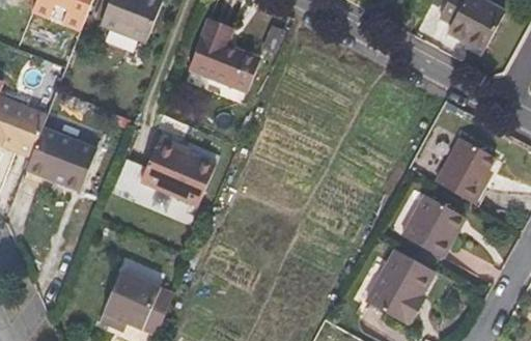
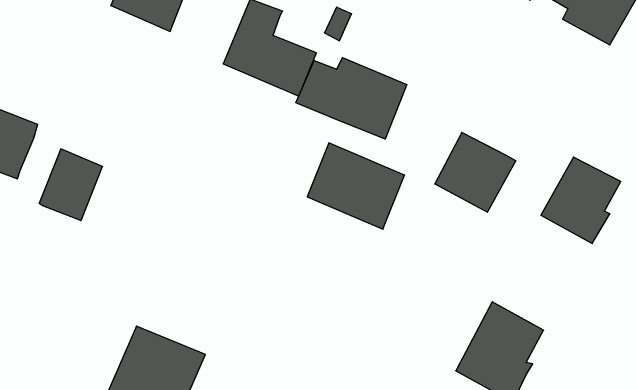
building: none -> [296,58,407,139]
building: [25,124,62,174] -> none
building: [140,137,215,203] -> [307,143,405,229]
building: [400,198,463,259] -> [435,132,516,212]

